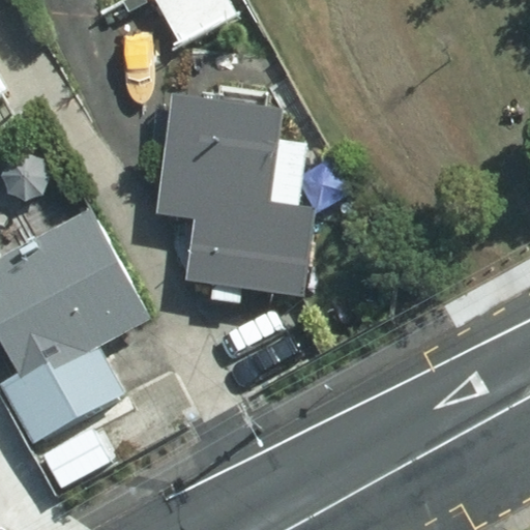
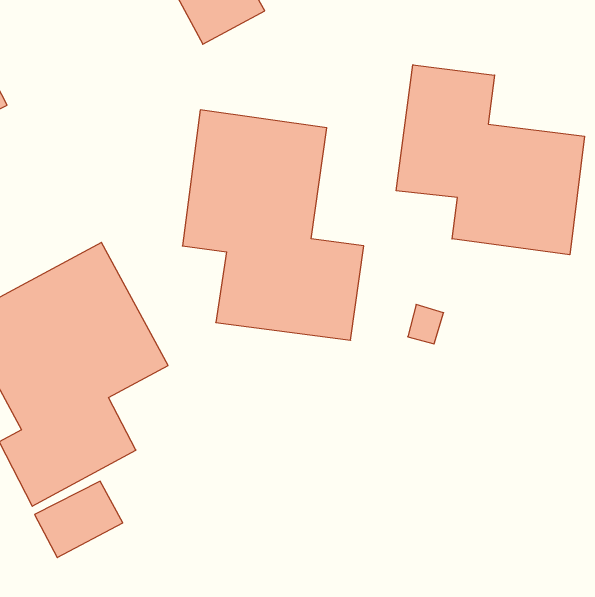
building: none -> [396,65,584,255]

